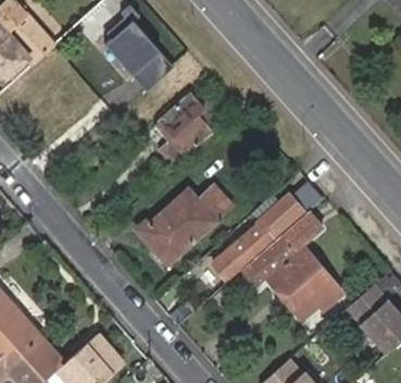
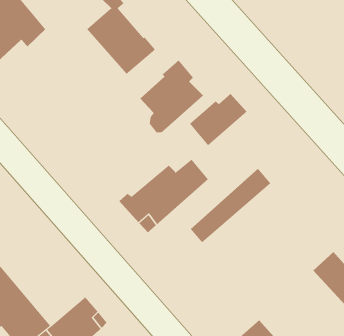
building: none -> [189,93,247,146]
building: [243,210,341,313] -> none

